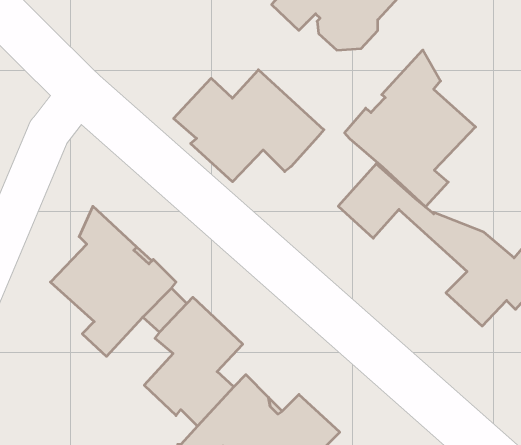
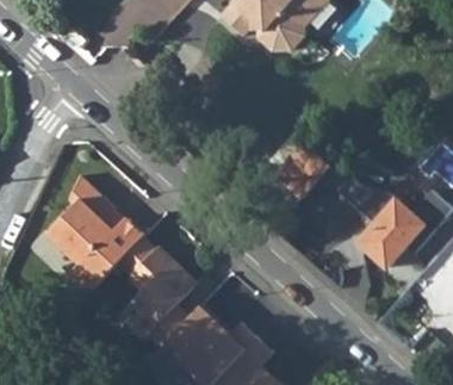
building: [345,50,476,207] -> none
building: [174,70,324,182] -> none

